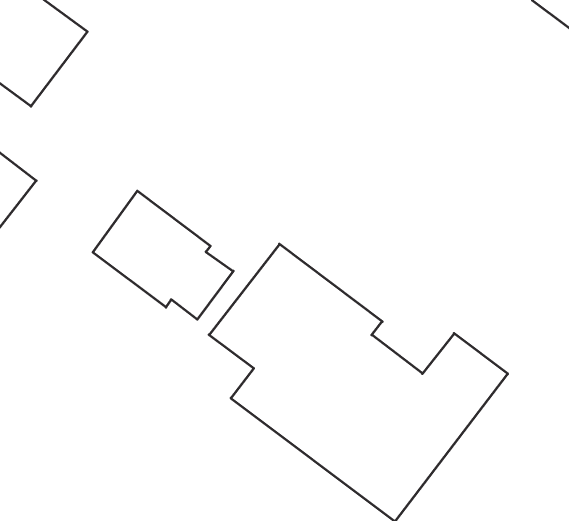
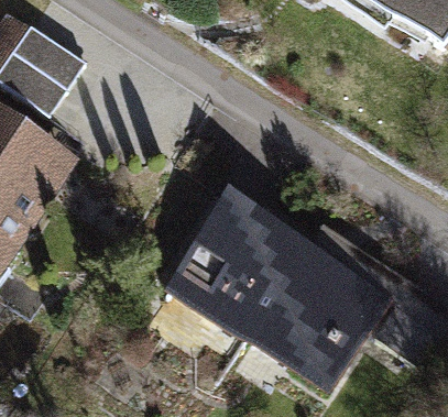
building: [93,191,233,319] -> none

